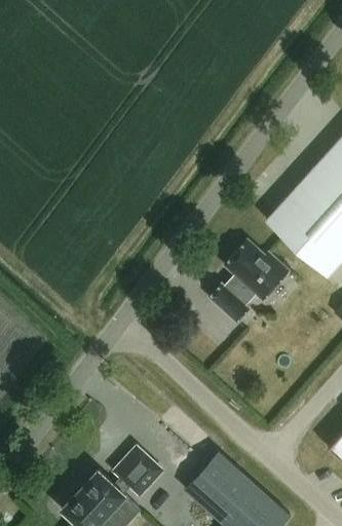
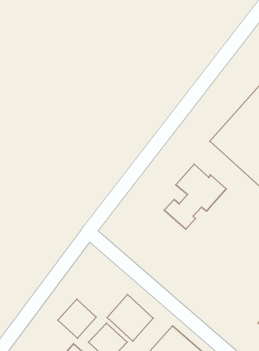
building: none -> [107,295,153,341]
building: none -> [58,299,96,338]

